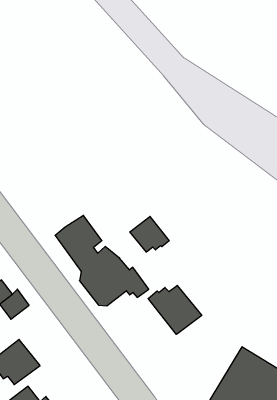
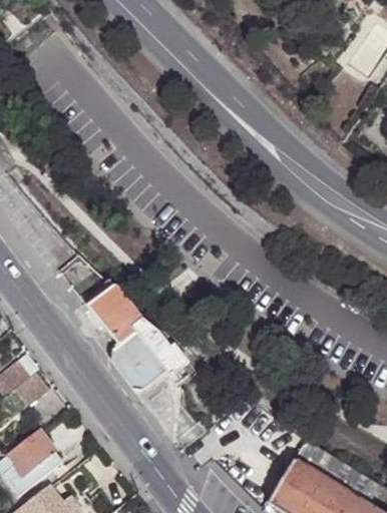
building: [130,216,169,252] -> none
building: [148,285,202,334] -> none

